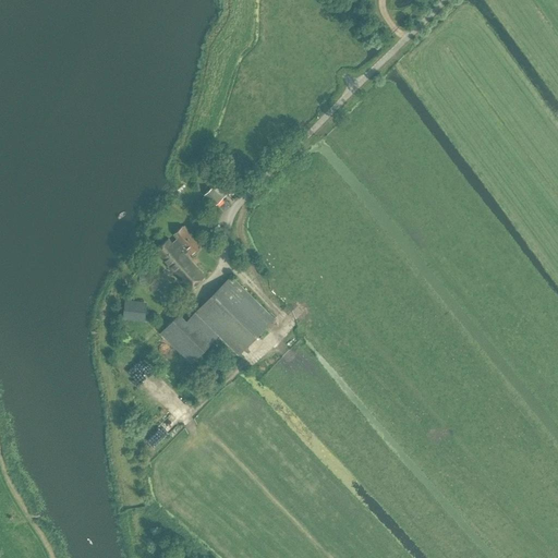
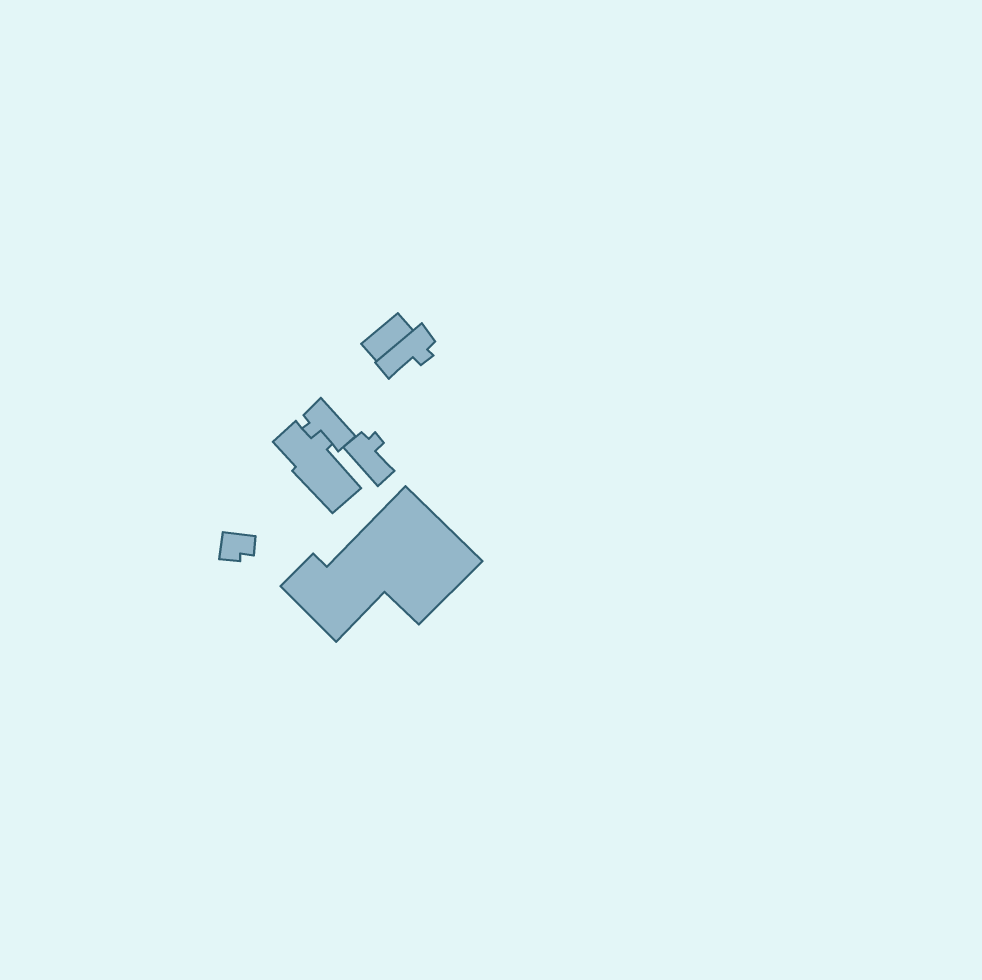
building: none -> [375,323,435,379]
building: none -> [343,432,395,486]

